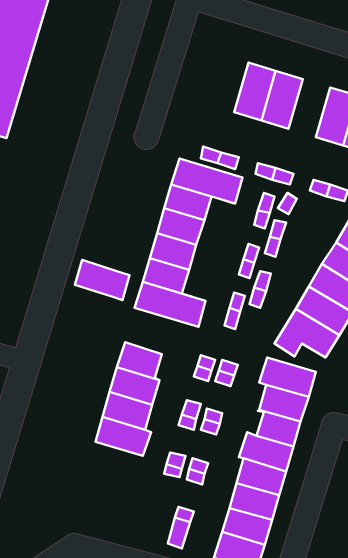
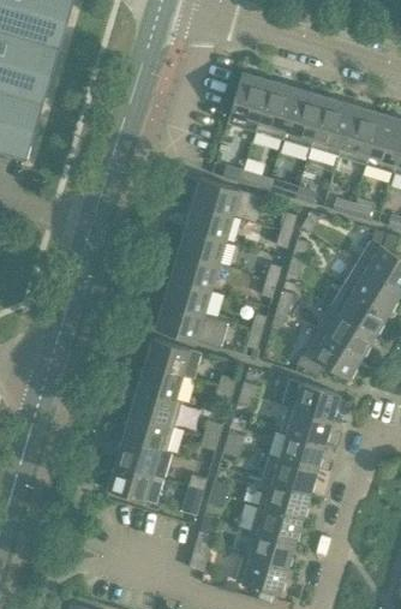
building: none -> [227,72,270,131]
building: none -> [311,97,353,156]
building: [75,260,129,300] -> [145,339,201,380]
building: none -> [107,465,163,506]

